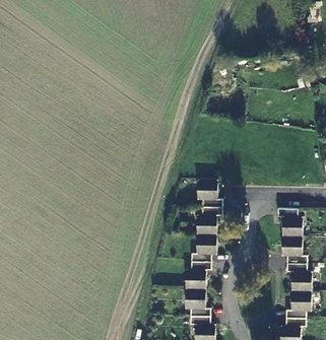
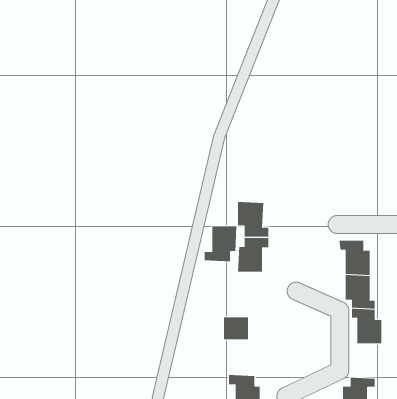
building: [190,235,216,264] -> [204,226,237,262]
building: [185,289,210,318] -> none
building: [285,292,311,320] -> none

